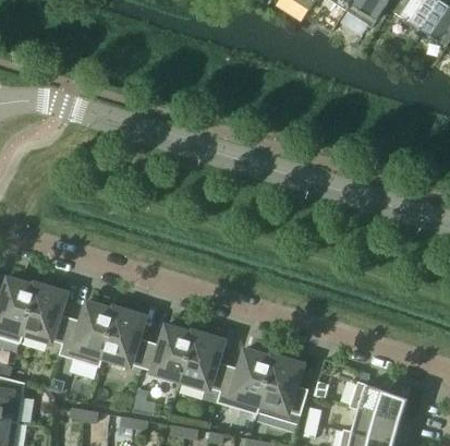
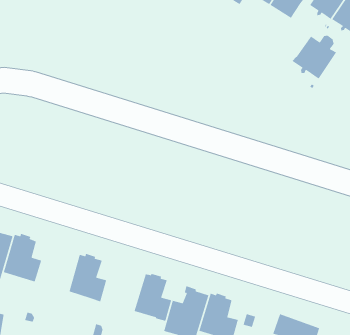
building: none -> [292,35,337,89]
building: [59,300,115,366] -> none
building: [142,323,195,378] -> none

